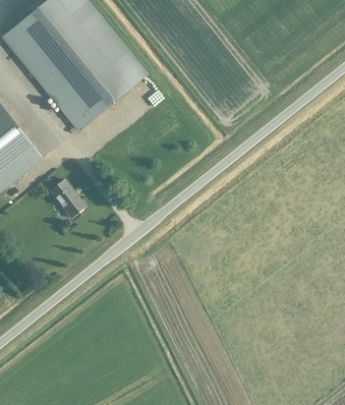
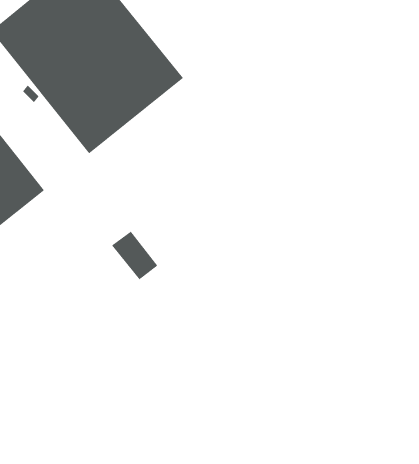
building: [50,179,85,217] -> [111,231,158,280]

